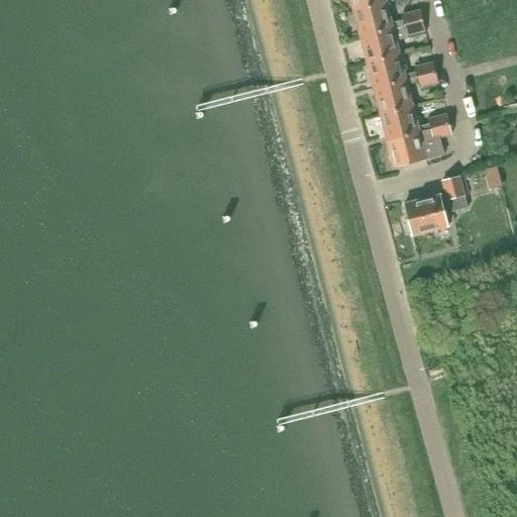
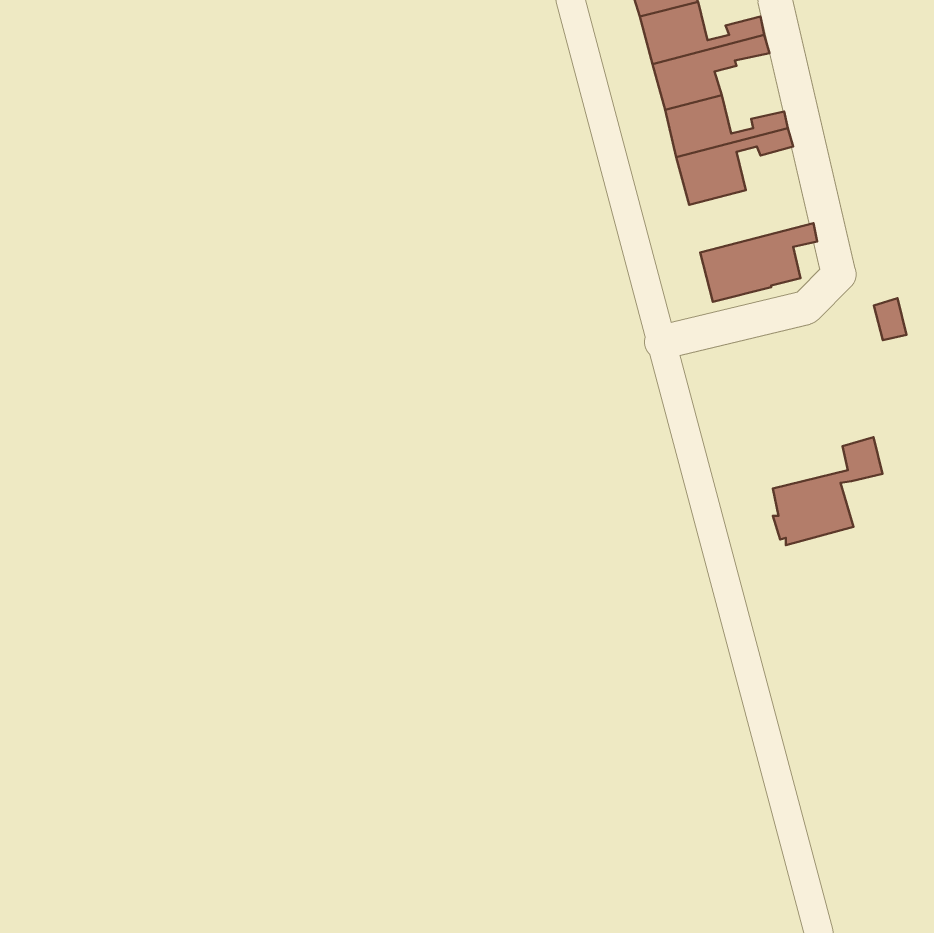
building: [381,105,449,139] -> none
building: [404,175,464,234] -> [773,437,883,545]

